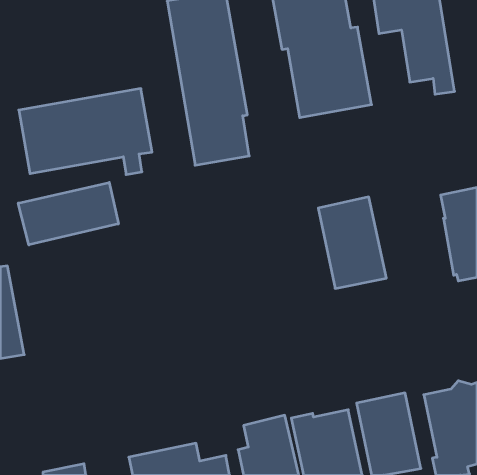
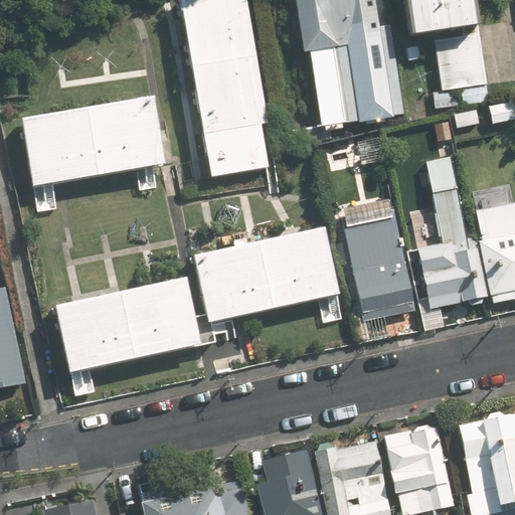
building: none -> [418,155,489,329]
building: [18,182,118,245] -> none
building: none -> [53,224,340,373]

